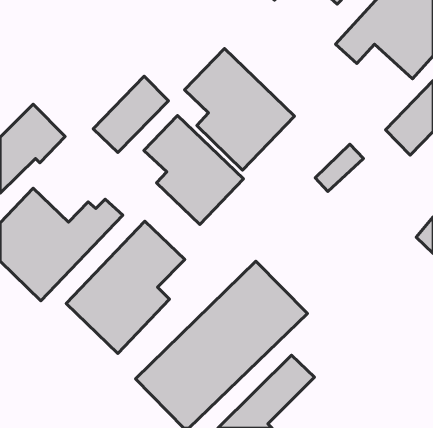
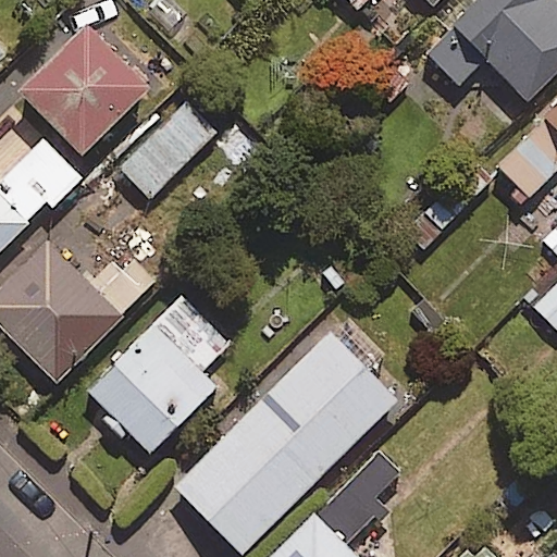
building: none -> [20,29,148,159]
building: [185,48,295,170] -> none
building: [144,115,244,225] -> none

